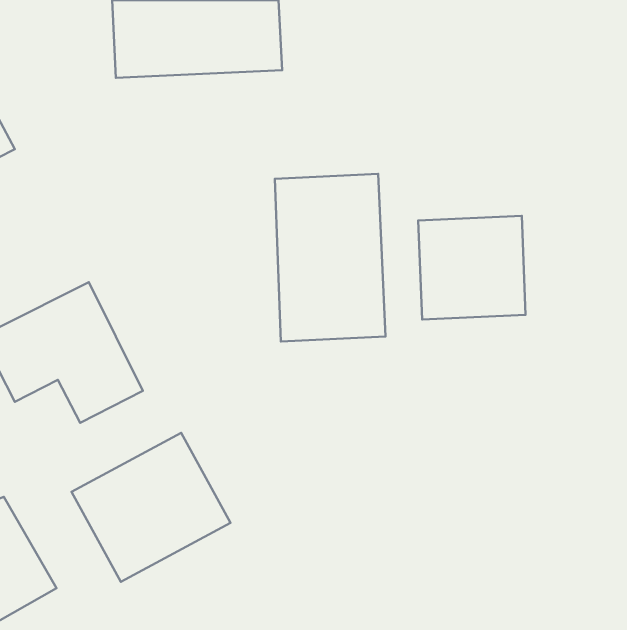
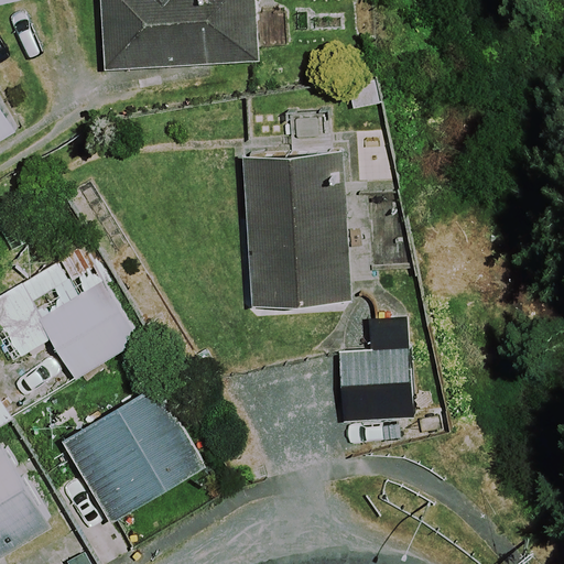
building: [418,216,526,319] -> none
building: none -> [338,316,411,415]

